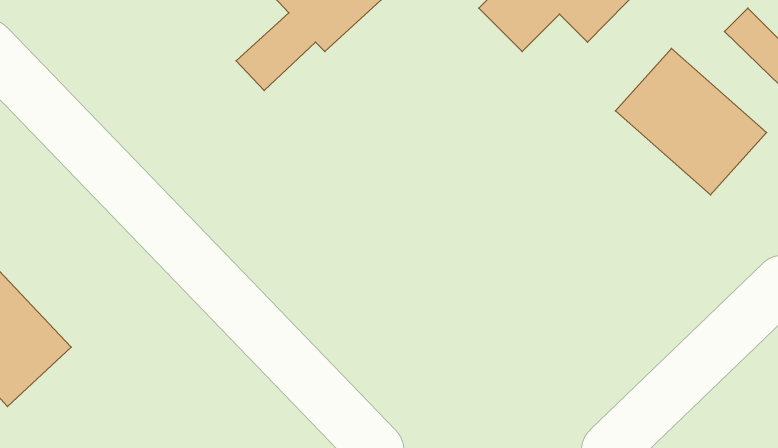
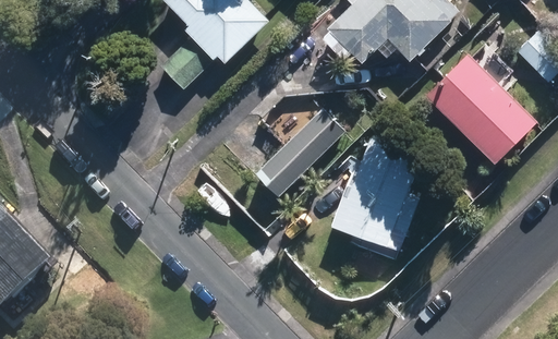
building: none -> [257,111,341,196]
building: none -> [338,143,420,246]

